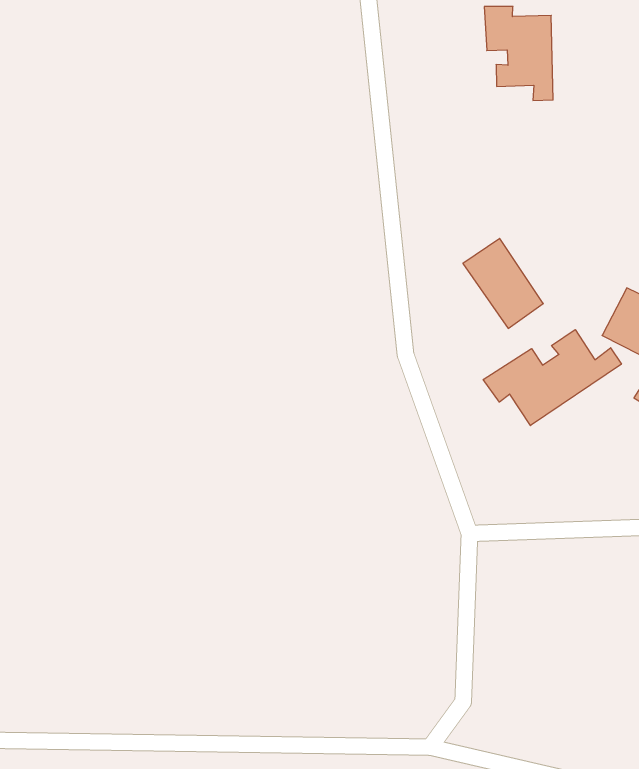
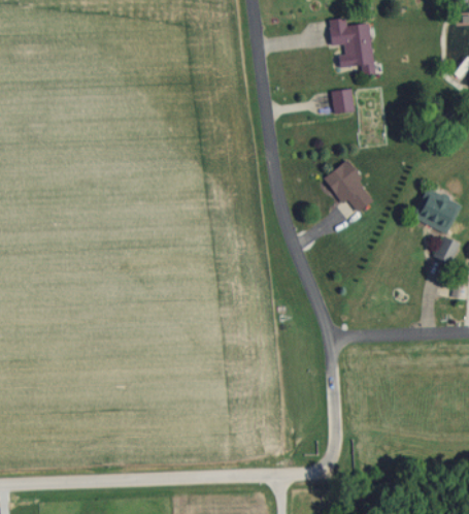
building: none -> [333,89,354,114]
building: [483,330,621,426] -> none

